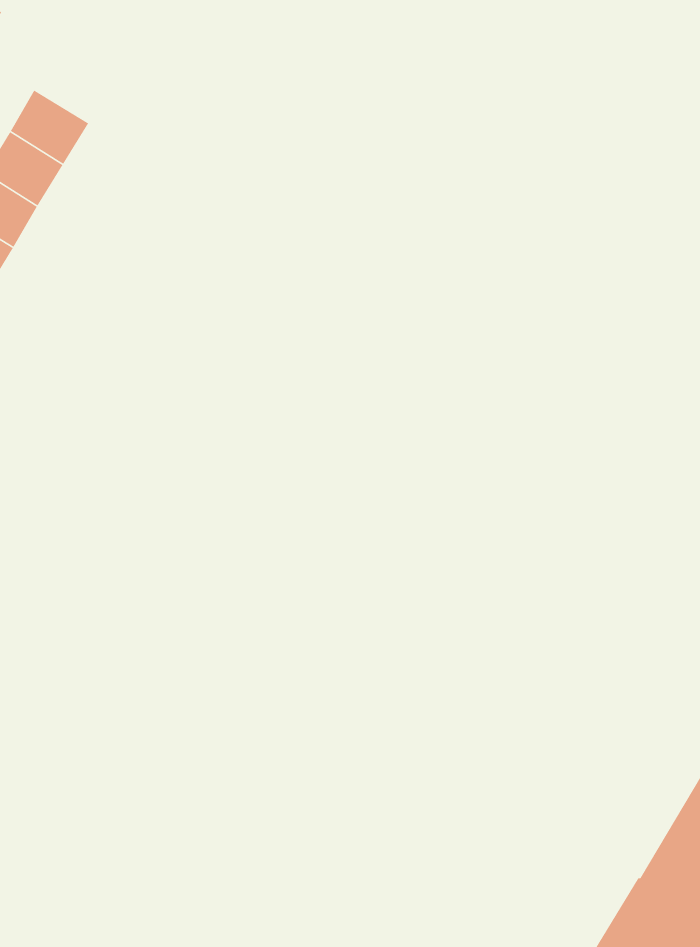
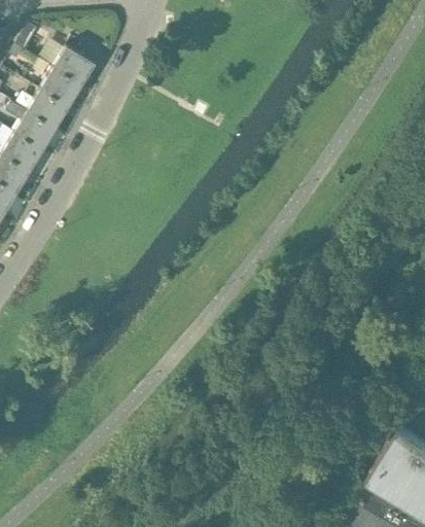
building: none -> [54,47,96,87]

